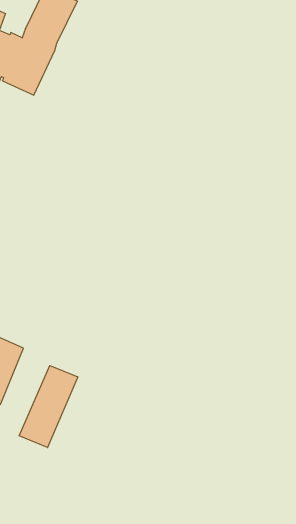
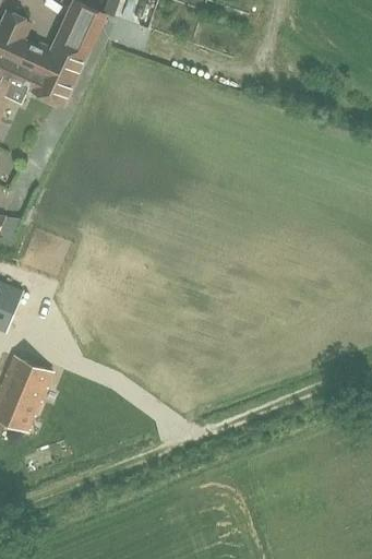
building: [19,366,78,448] -> none

